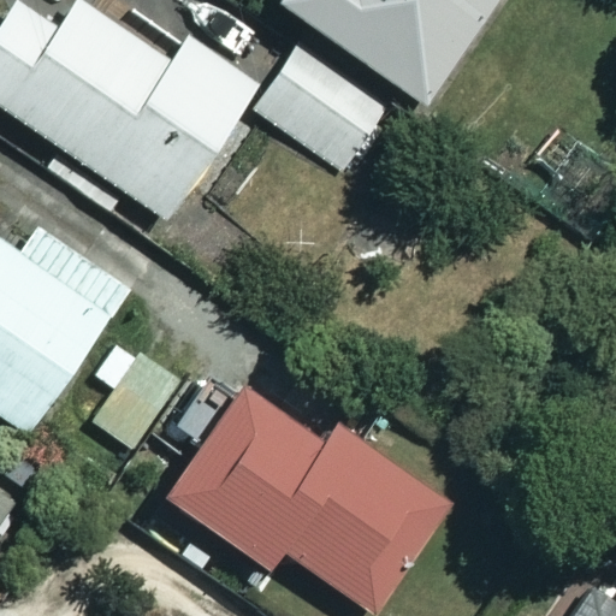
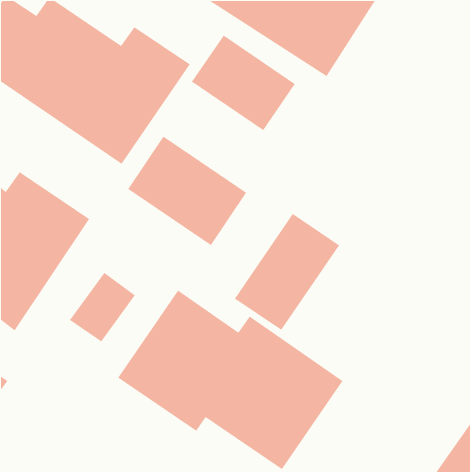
building: none -> [127,135,247,246]
building: none -> [234,213,340,331]

